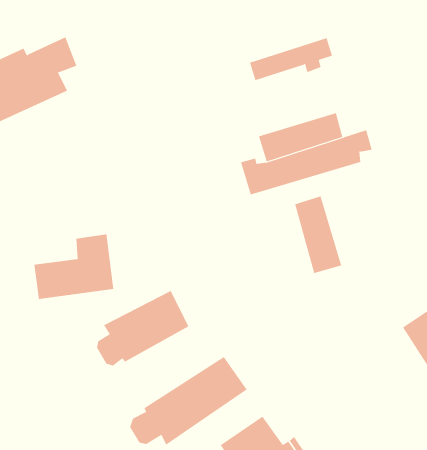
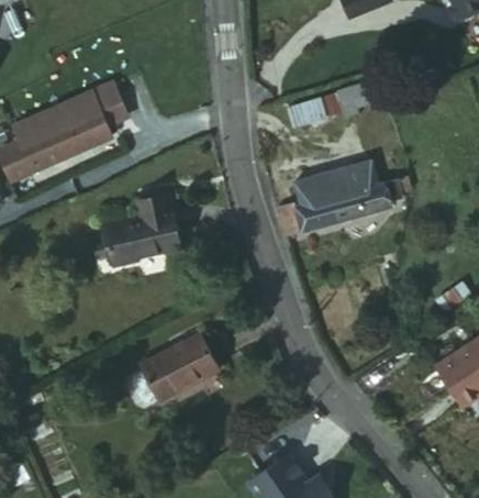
building: [295,195,342,274] -> none
building: [34,234,114,300] -> [103,199,181,263]
building: [129,356,248,445] -> none

